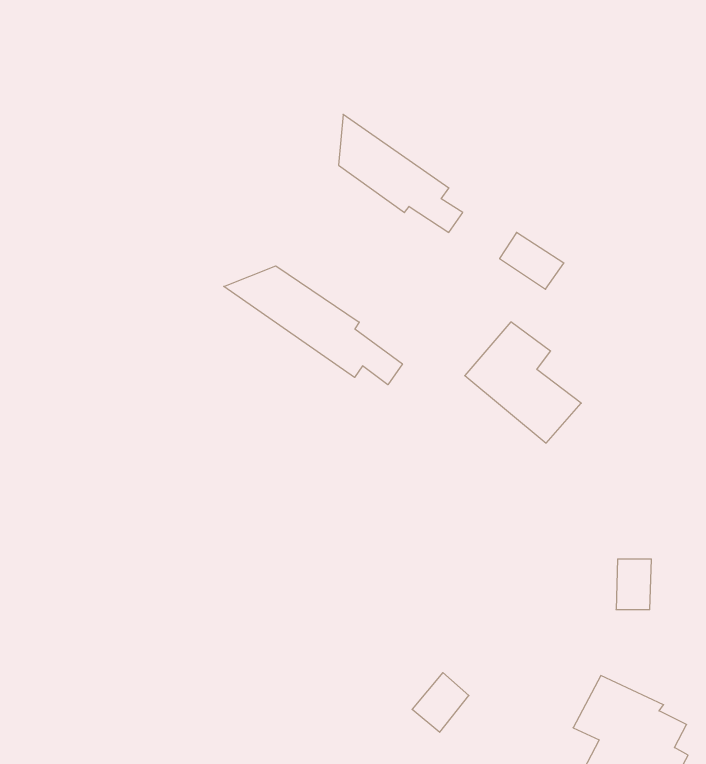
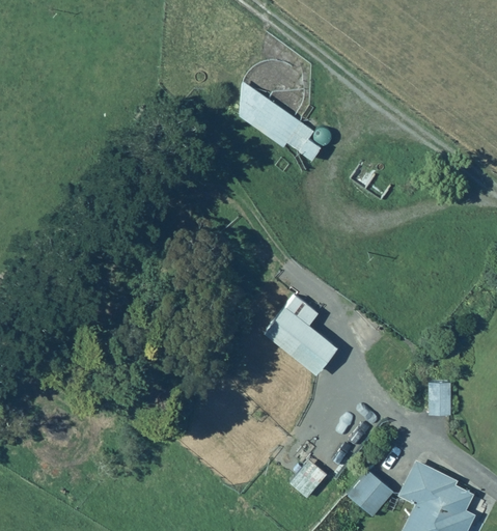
building: [224,266,402,385] -> none
building: [465,322,581,443] -> [261,294,340,375]
building: none -> [347,470,393,515]

